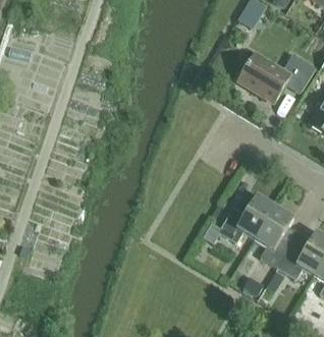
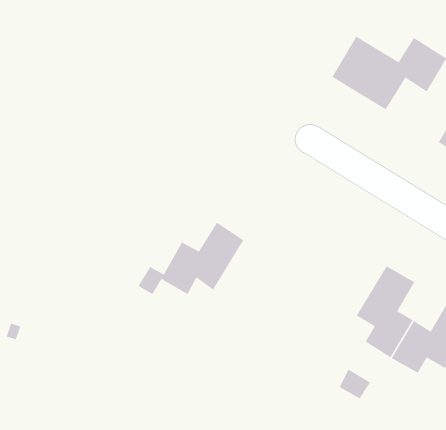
building: [204,194,275,243] -> [138,222,244,295]

